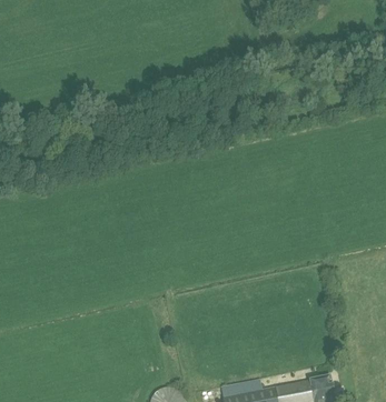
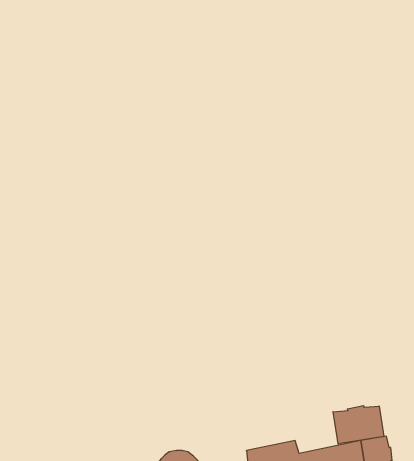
building: none -> [333,406,384,444]

